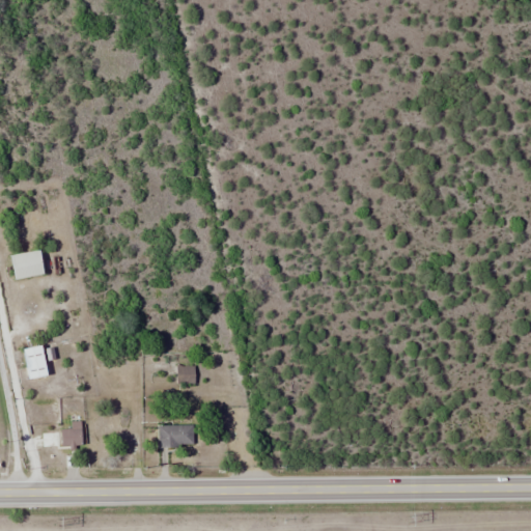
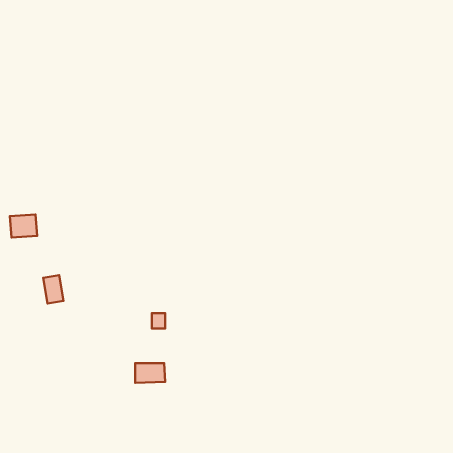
building: [25,344,49,378] -> [43,275,64,303]
building: [62,424,82,447] -> none

